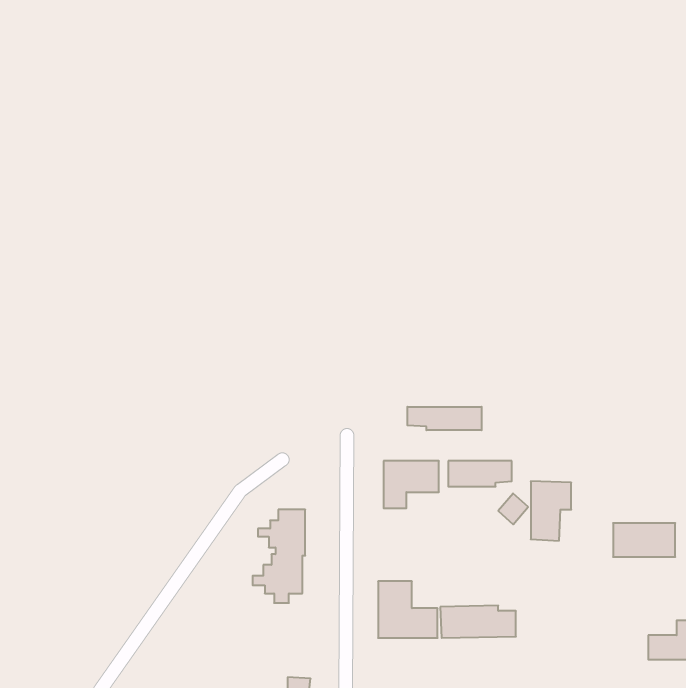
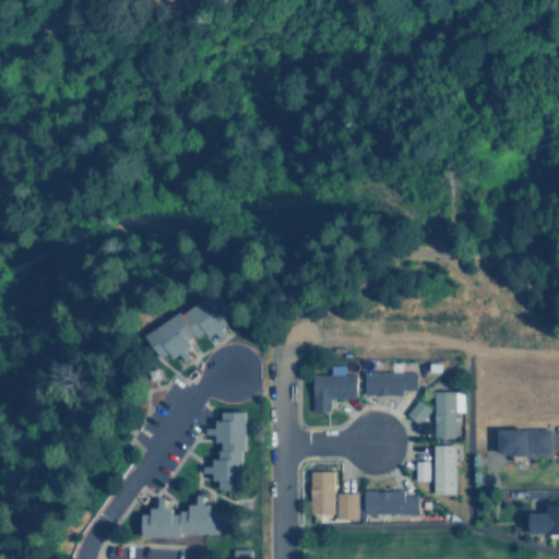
building: none -> [150,295,234,364]
building: [407,407,482,430] -> none
building: none -> [416,447,456,497]
building: none -> [146,496,240,540]

